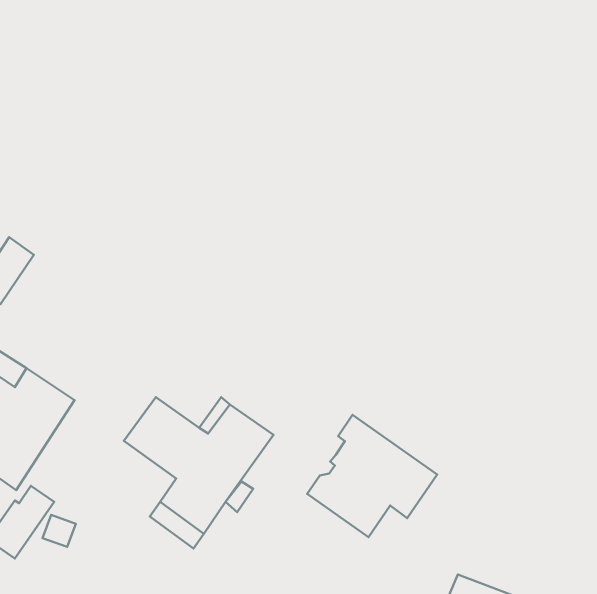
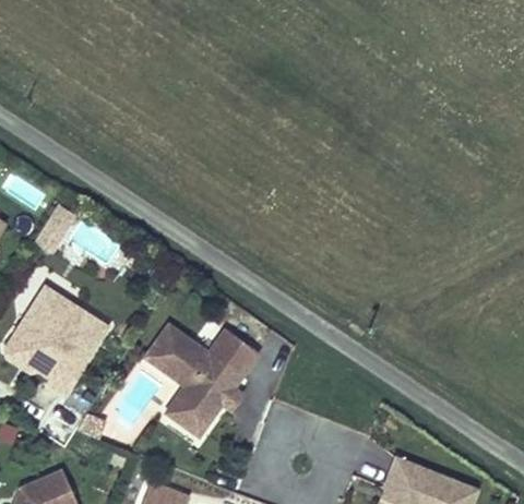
building: [307,415,437,537] -> none

